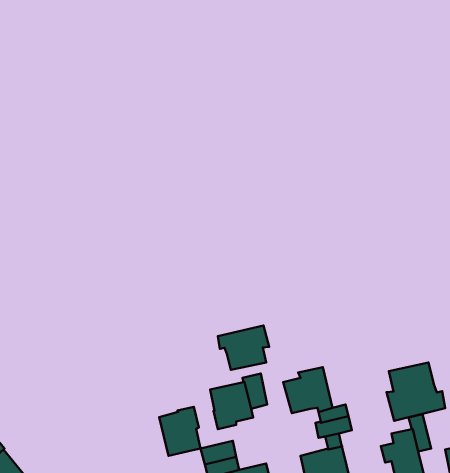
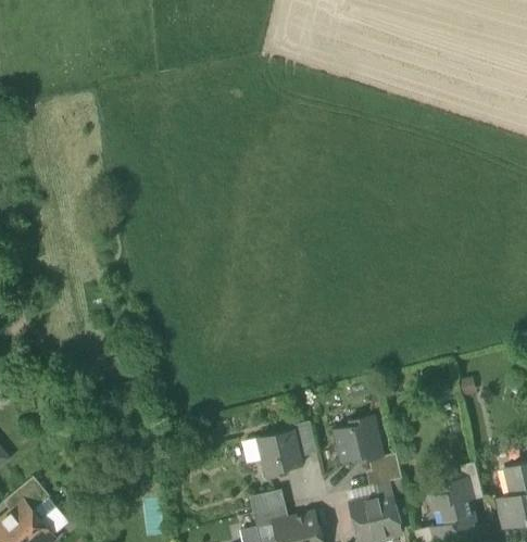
building: [218,325,269,370] -> none
building: [386,363,445,421] -> none
building: [159,407,201,456] -> none

